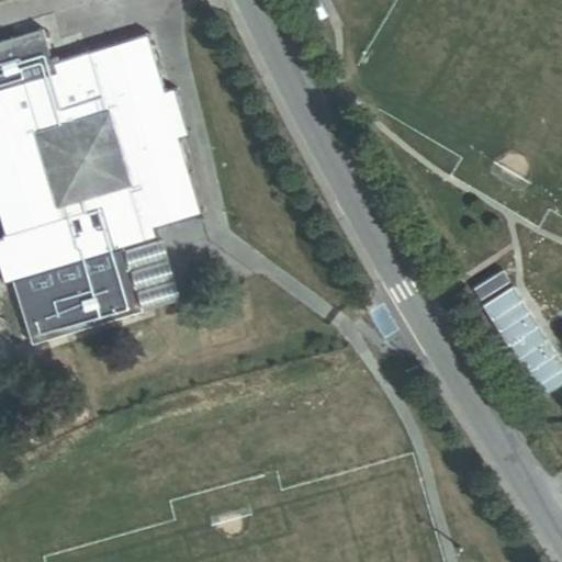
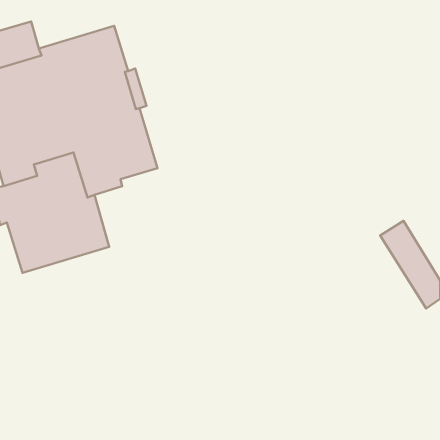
building: [120,236,177,313] -> none

